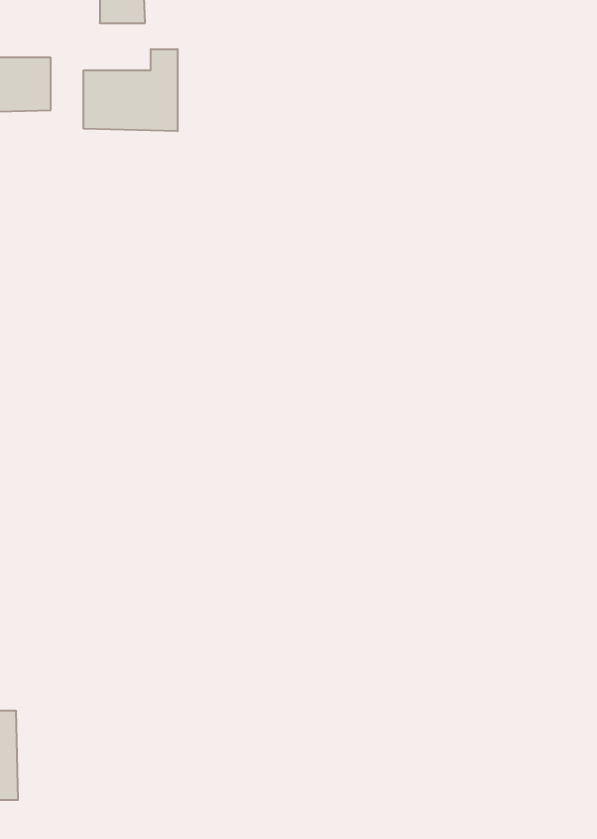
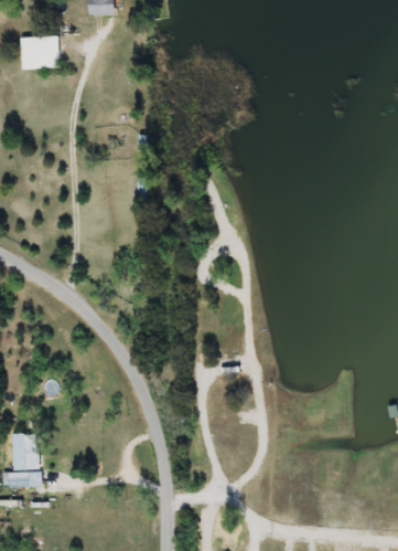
building: [84,49,178,131] -> none

